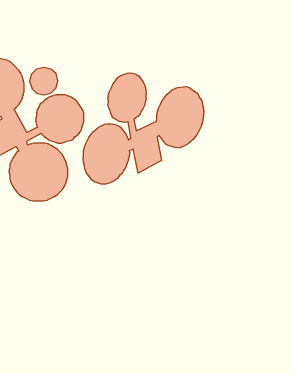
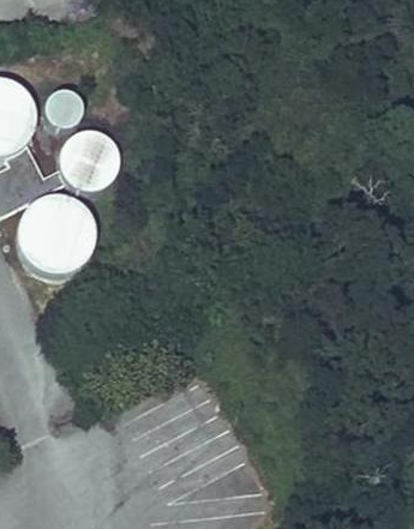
building: [83,73,204,184] -> none

